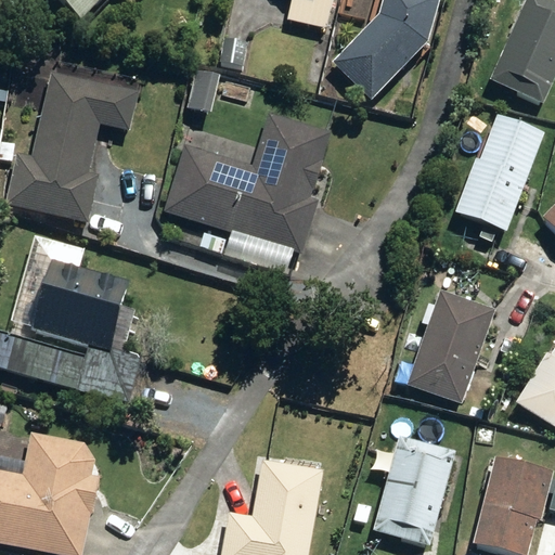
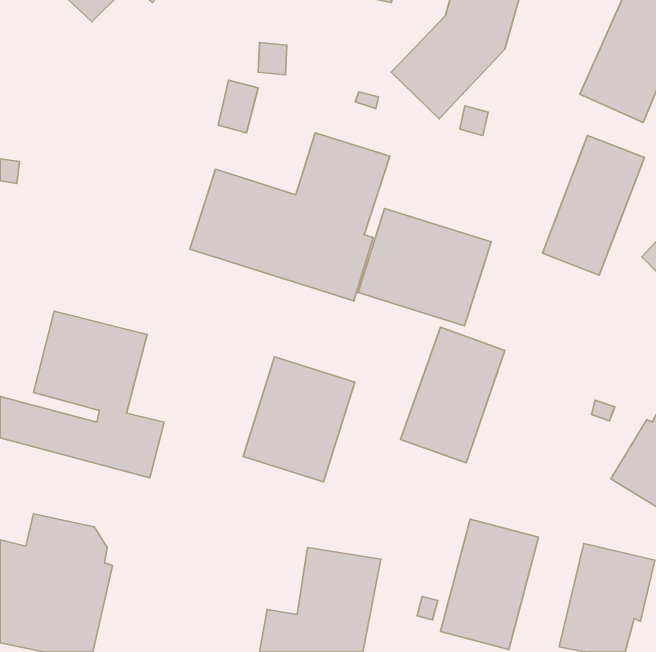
building: [10,67,135,217] -> none
building: none -> [358,208,491,326]
building: [406,291,494,404] -> [400,327,505,463]
building: none -> [243,357,355,482]

